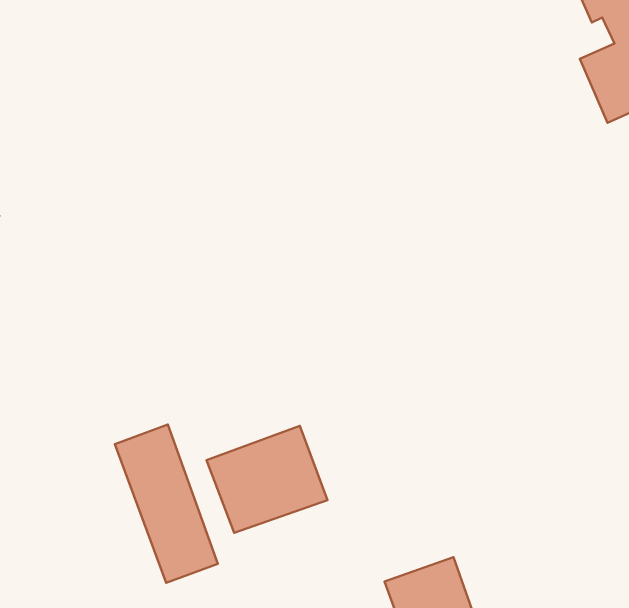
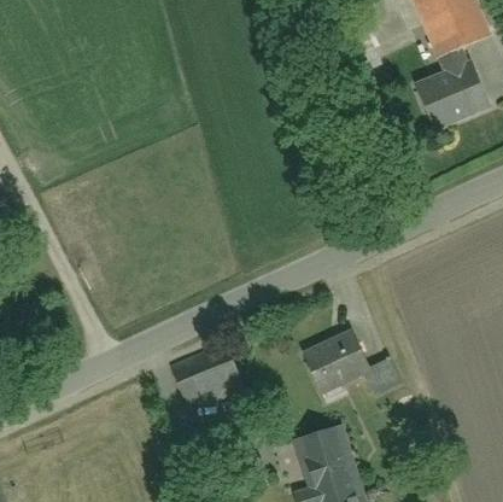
building: none -> [305,327,403,397]
building: [115,425,218,583] -> none

